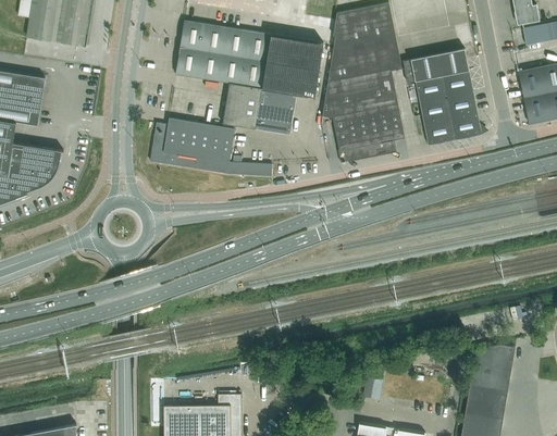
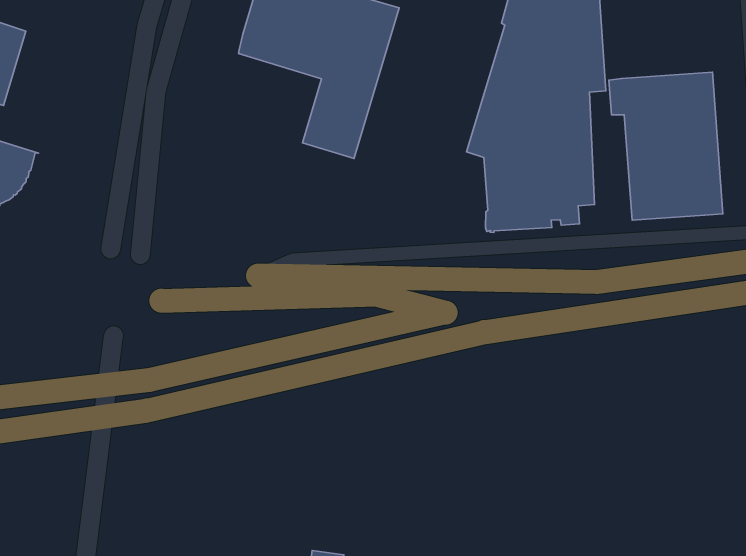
building: [255,35,323,134] -> none
building: [150,119,272,176] -> none

